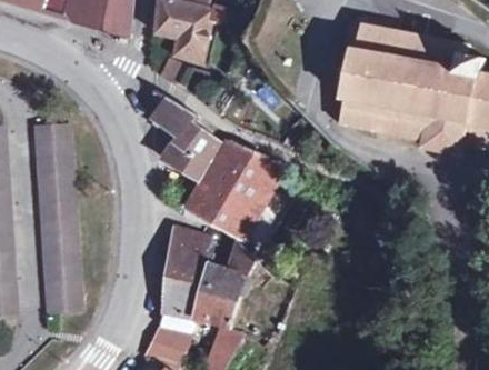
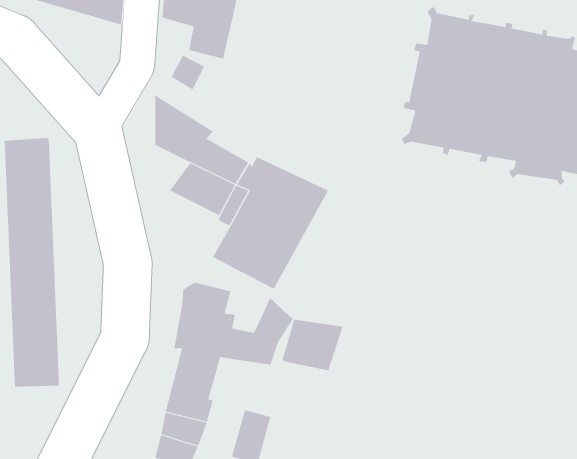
building: [192,287,239,326] -> [282,319,344,371]

